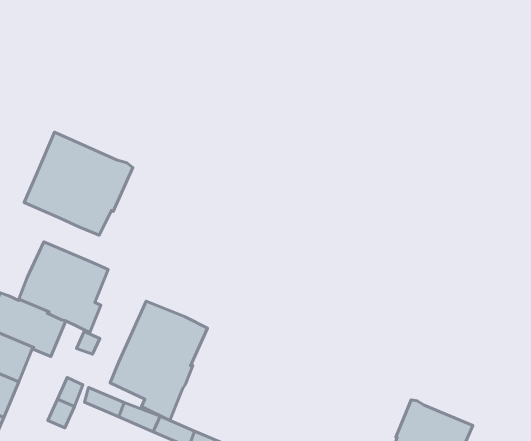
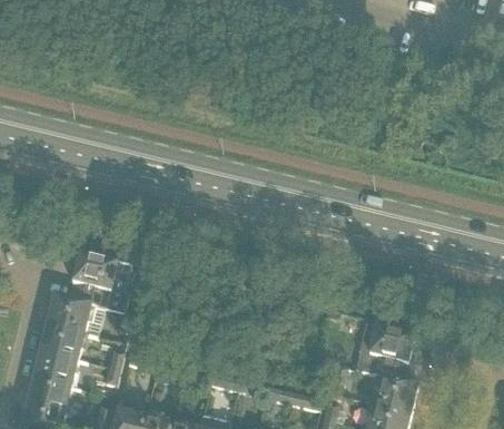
building: [24,132,133,235] -> none
building: [110,301,207,420] -> none

